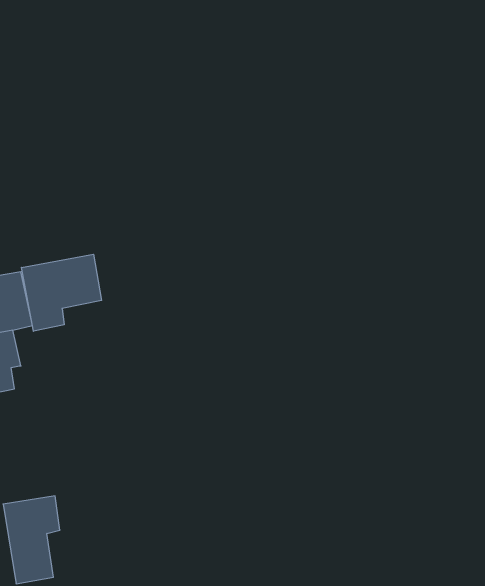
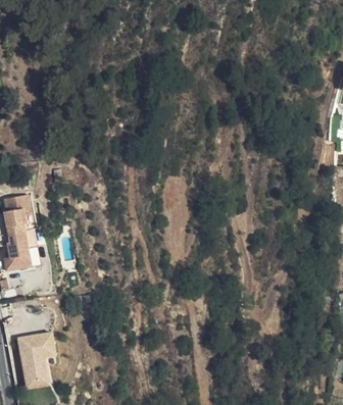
building: [21,254,102,331] -> none

